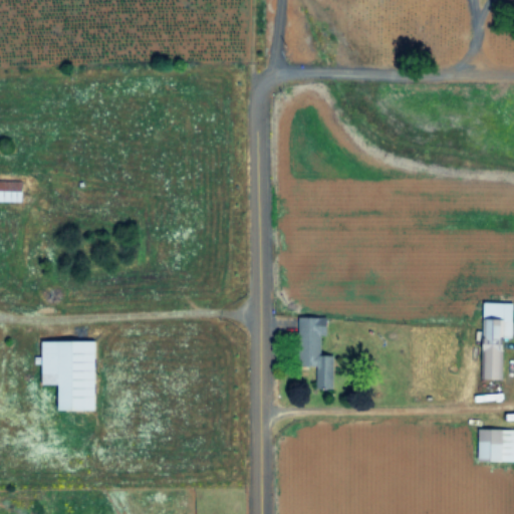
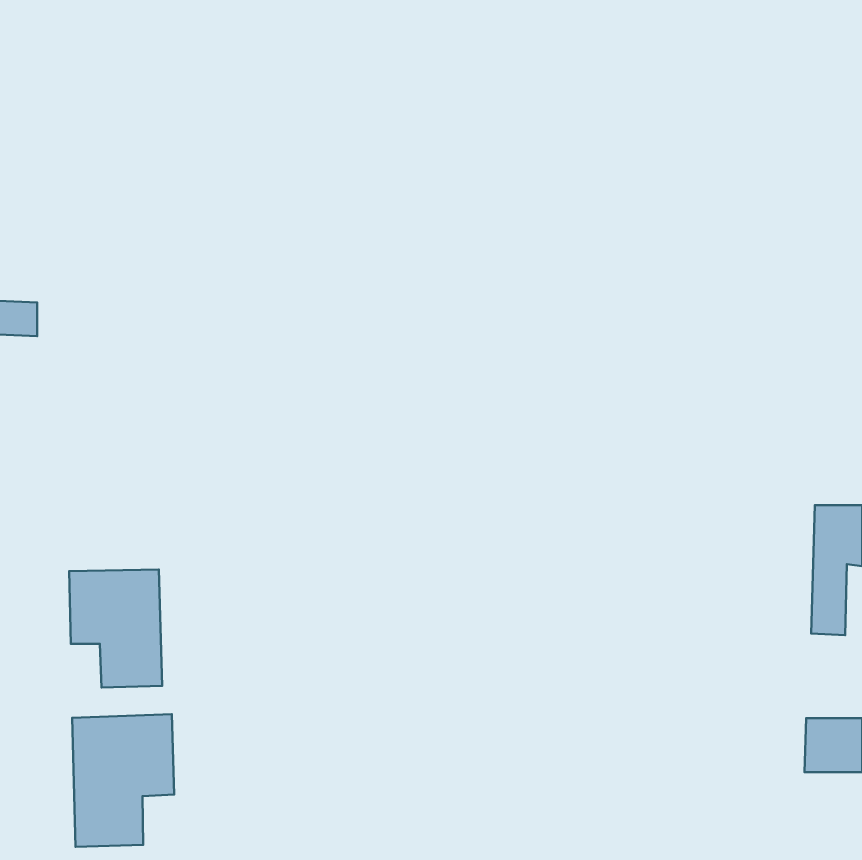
building: [300,317,328,389] -> none
building: none -> [72,714,174,847]

